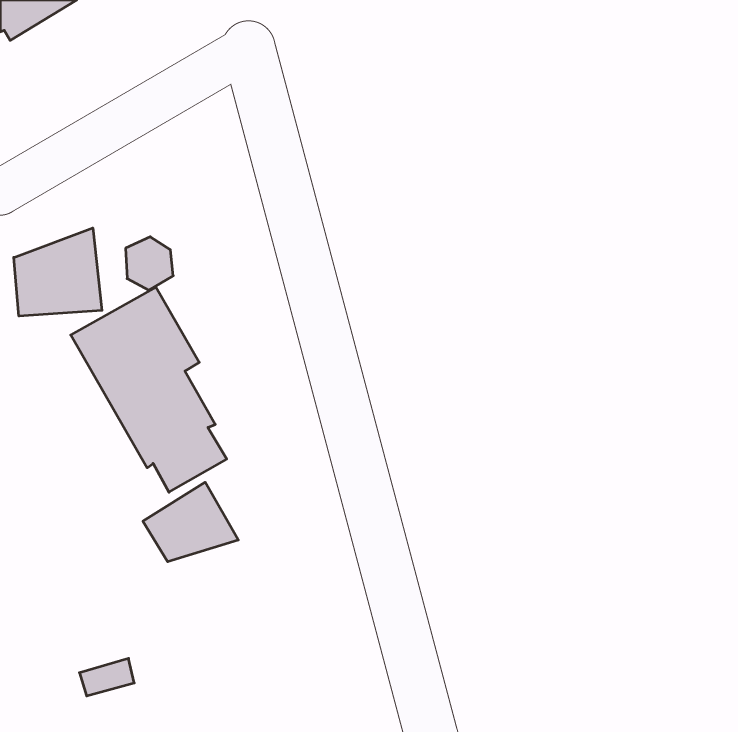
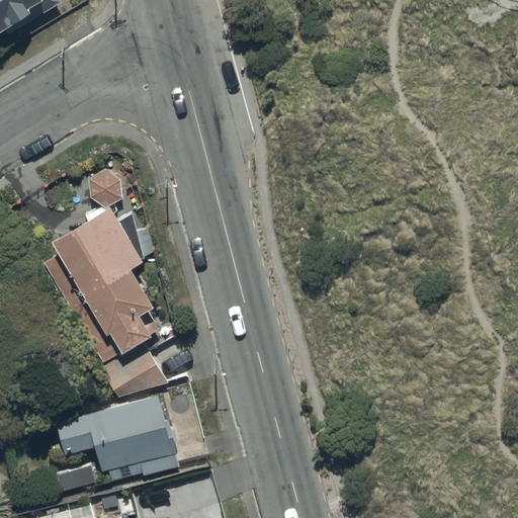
building: [14,228,102,316] -> none
building: none -> [59,397,179,481]

